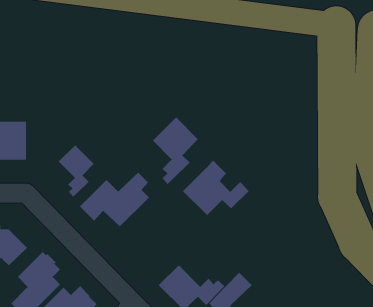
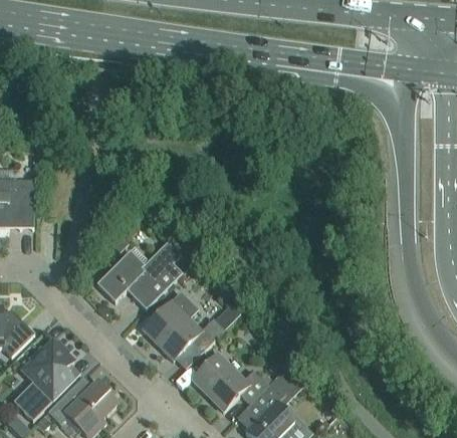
building: [152,117,199,185] -> none
building: [58,144,94,198] -> none
building: [182,160,249,216] -> [143,291,224,360]

